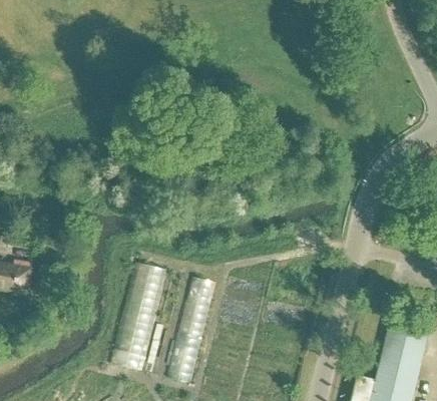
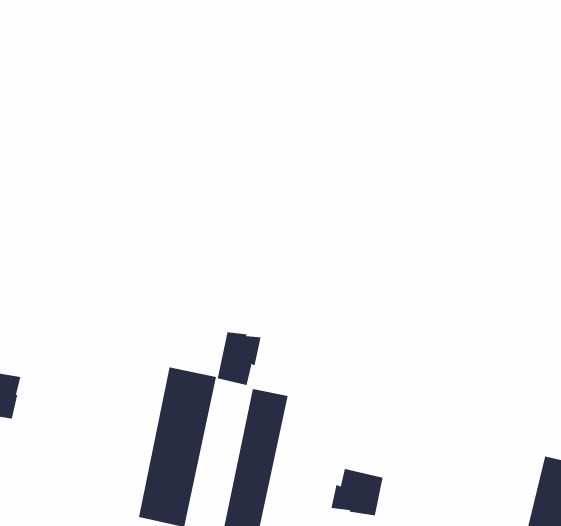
building: none -> [217,332,261,386]
building: none -> [331,468,383,516]

